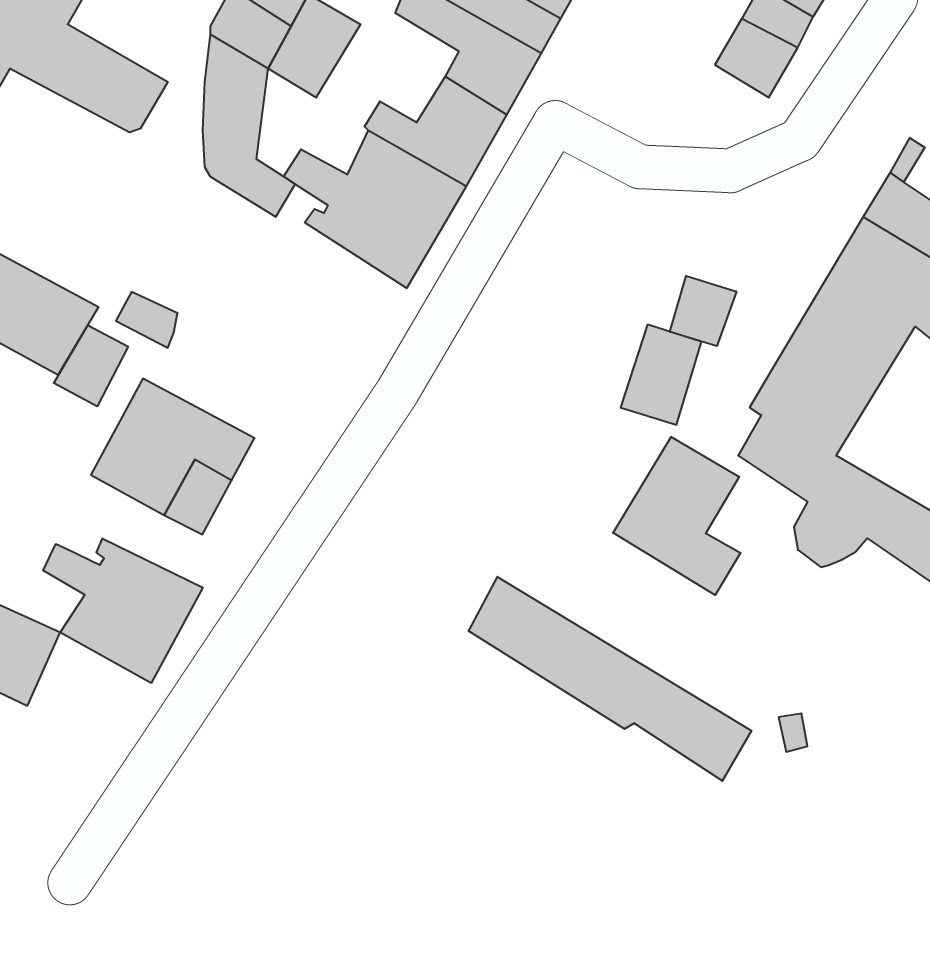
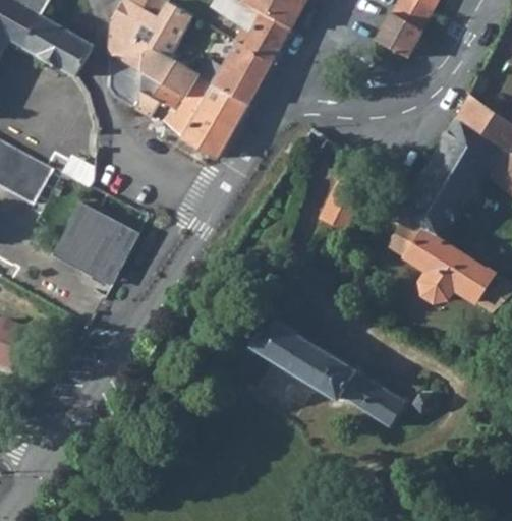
building: none -> [136,41,195,98]
building: [670,276,736,346] -> none
building: [54,325,128,406] -> none
building: [613,437,741,595] -> none
building: [43,538,203,683] -> none

